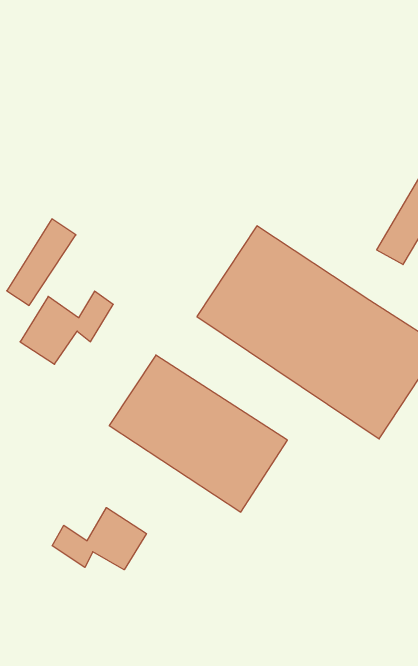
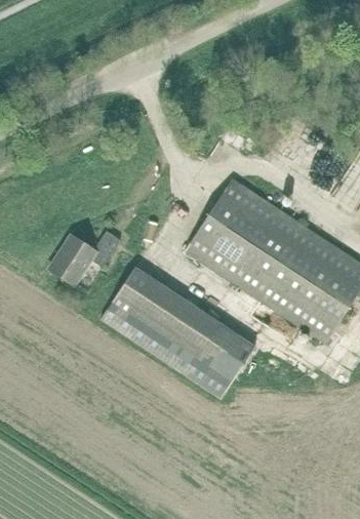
building: [7,219,76,305] -> [101,266,154,332]
building: [52,508,146,570] -> none

